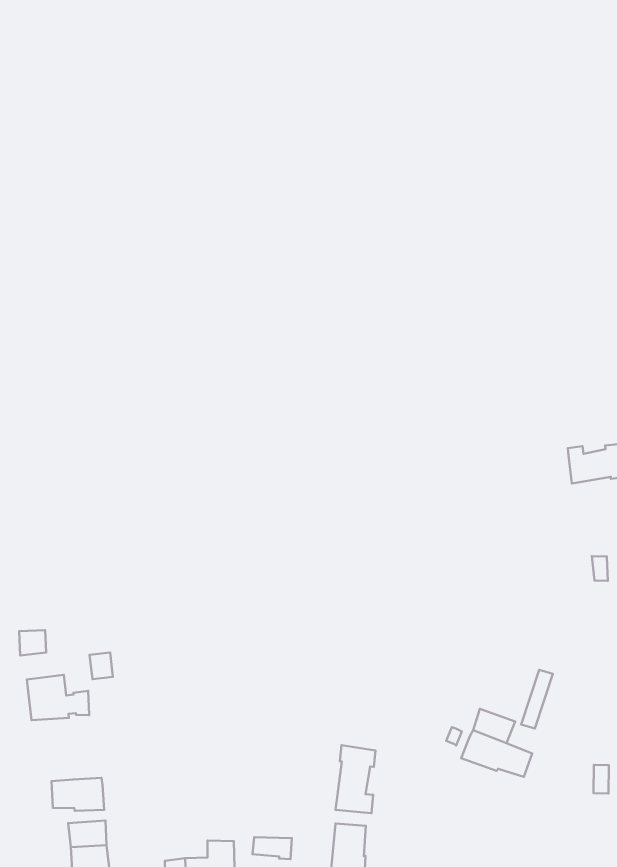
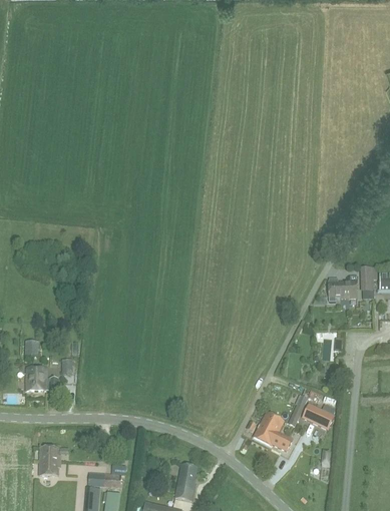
building: none -> [302,403,334,429]
building: [335,745,375,813] -> none
building: [52,778,104,811] -> none

